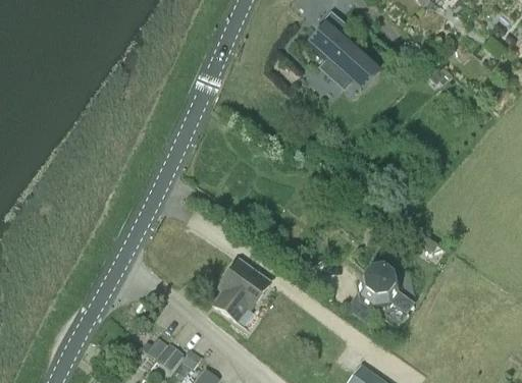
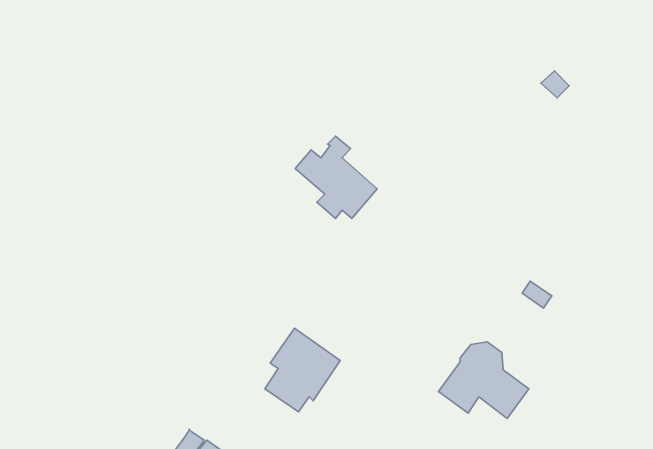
building: [307,18,369,80] -> [295,136,377,218]

